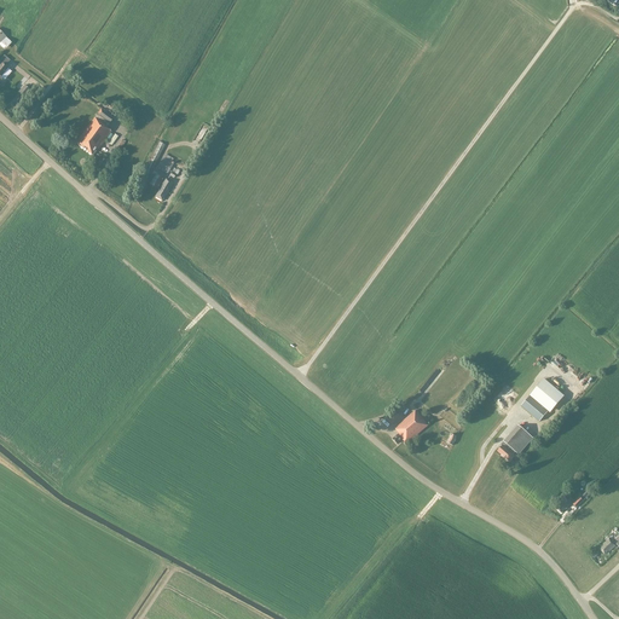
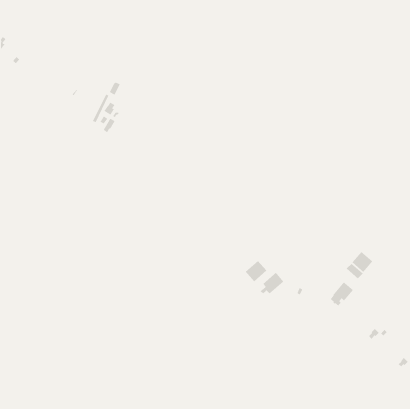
building: [76,109,112,155] -> none
building: none -> [245,260,267,282]

